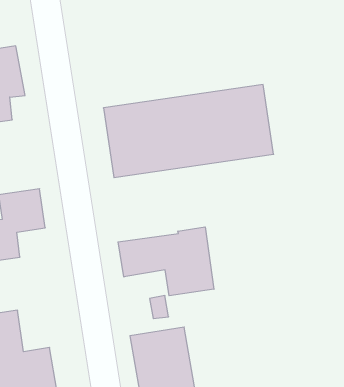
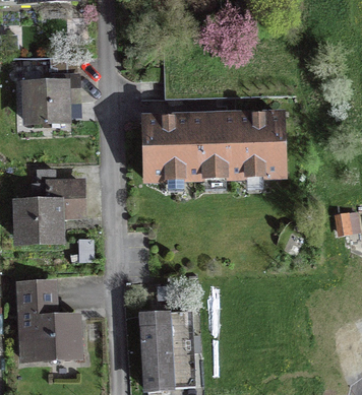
building: [118,227,214,296] -> none

